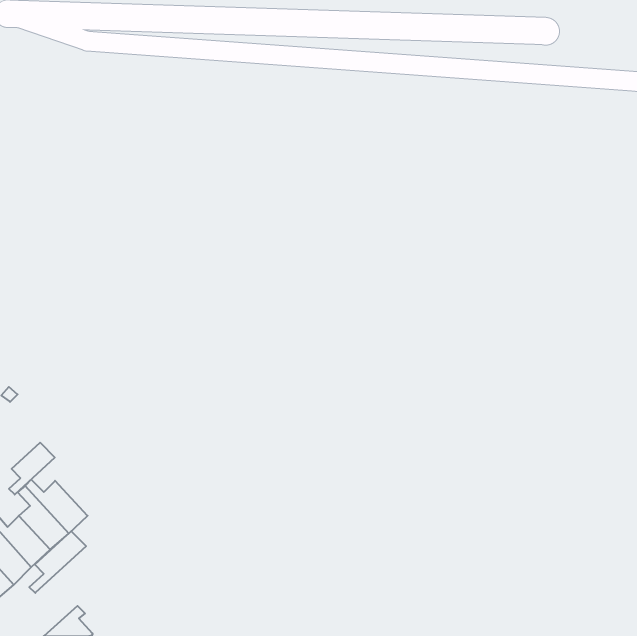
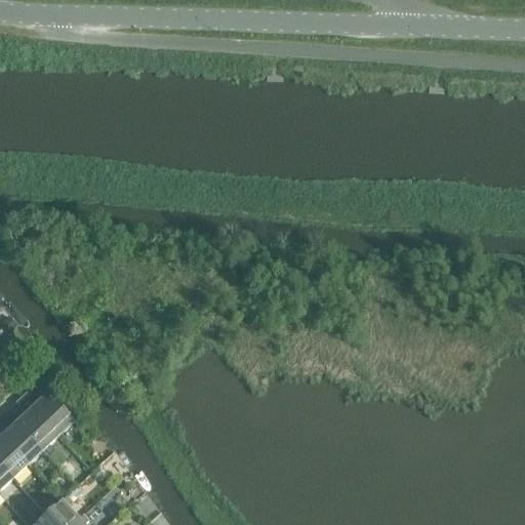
building: [9,443,55,495] -> none
building: [29,531,86,593] -> none

